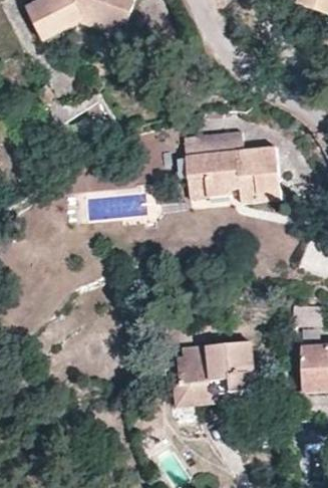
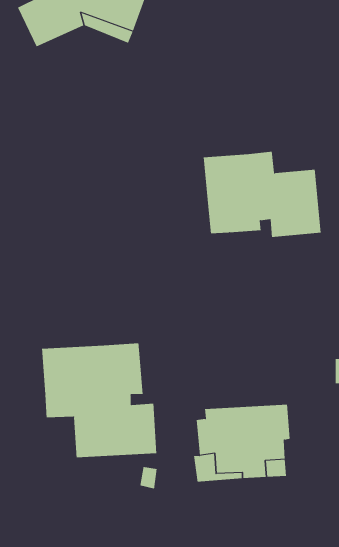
building: none -> [41,343,157,458]

